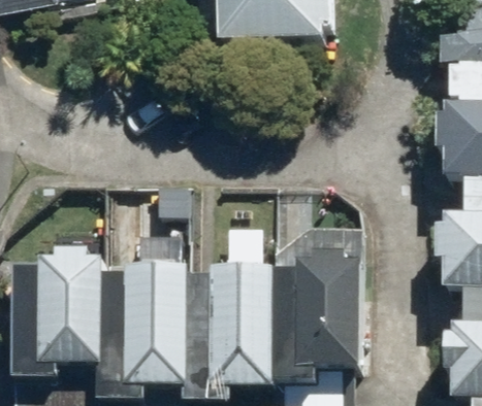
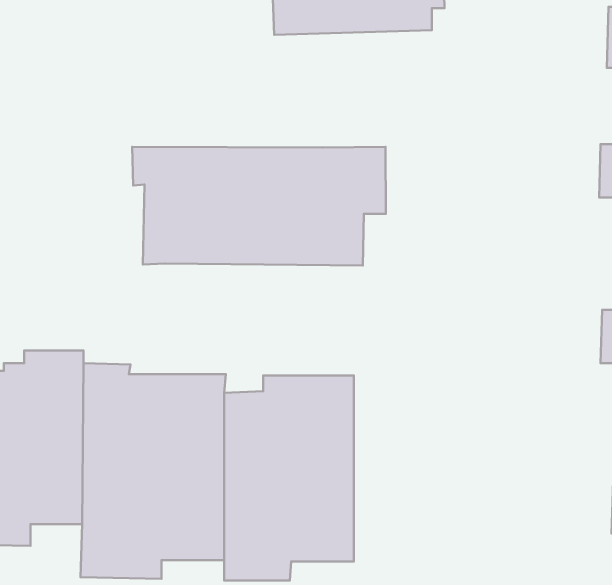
building: none -> [132,147,386,265]
building: [274,248,363,379] -> none

